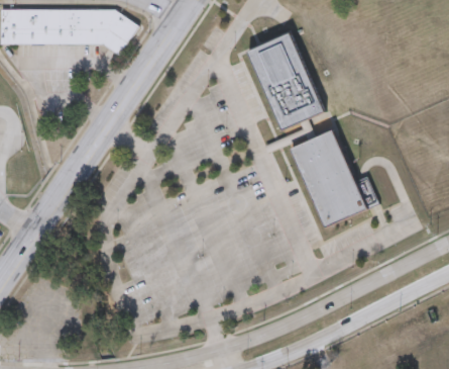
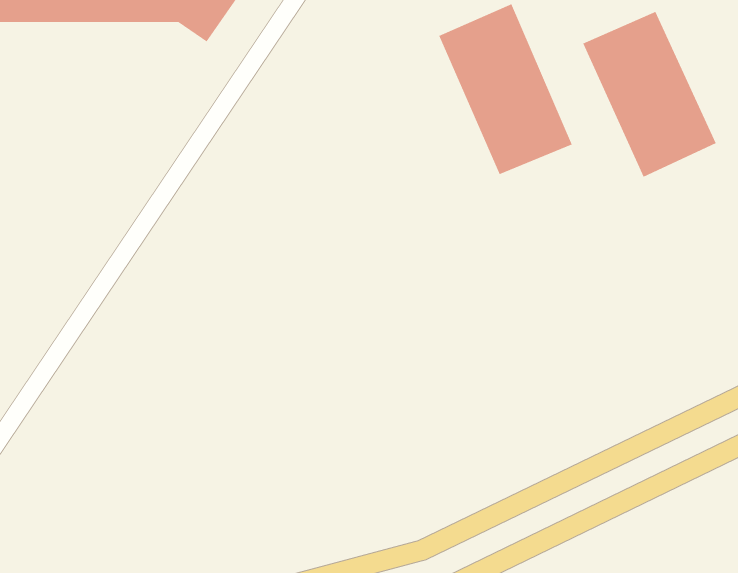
building: [291,132,366,226] -> [582,11,717,178]

